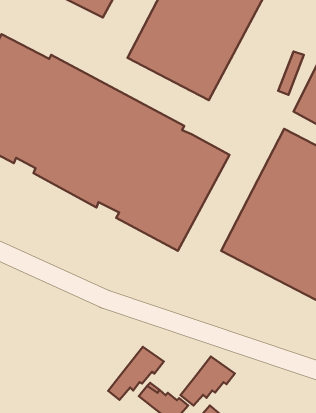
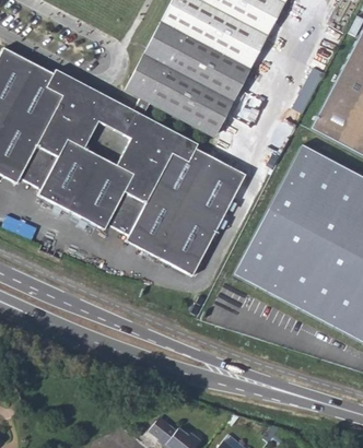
building: none -> [128,71,223,134]
building: [108,347,164,400] -> none
building: [180,357,235,406] -> none

